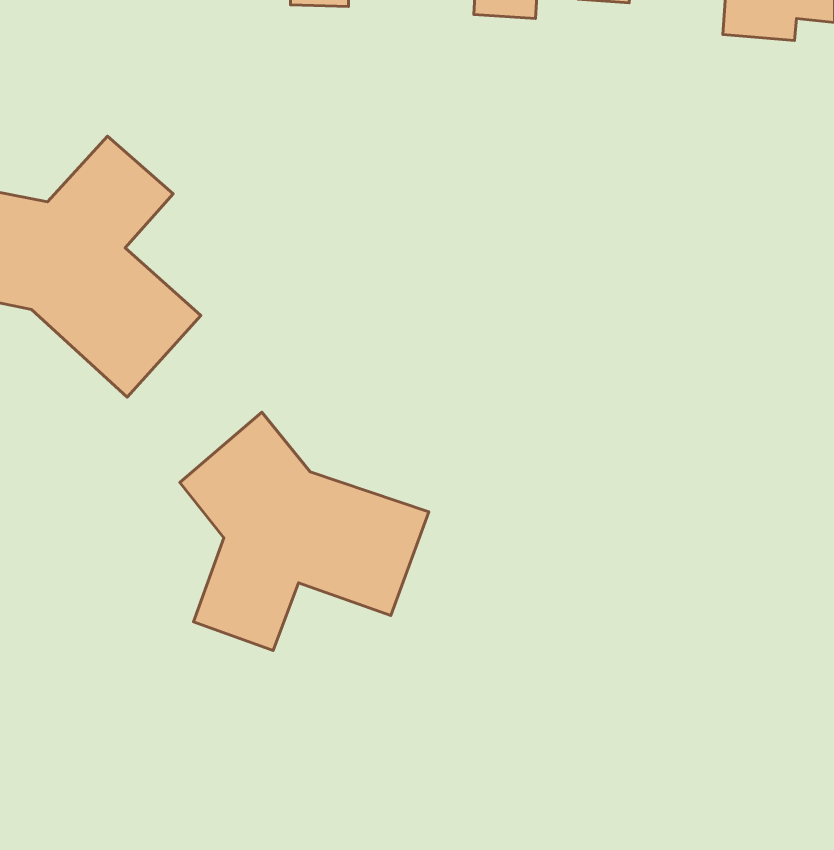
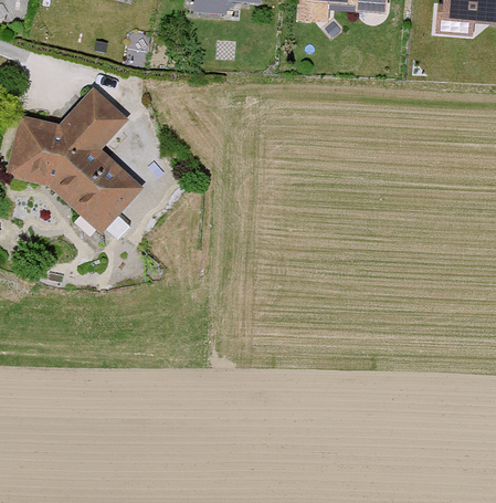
building: [180,412,429,651] -> none

